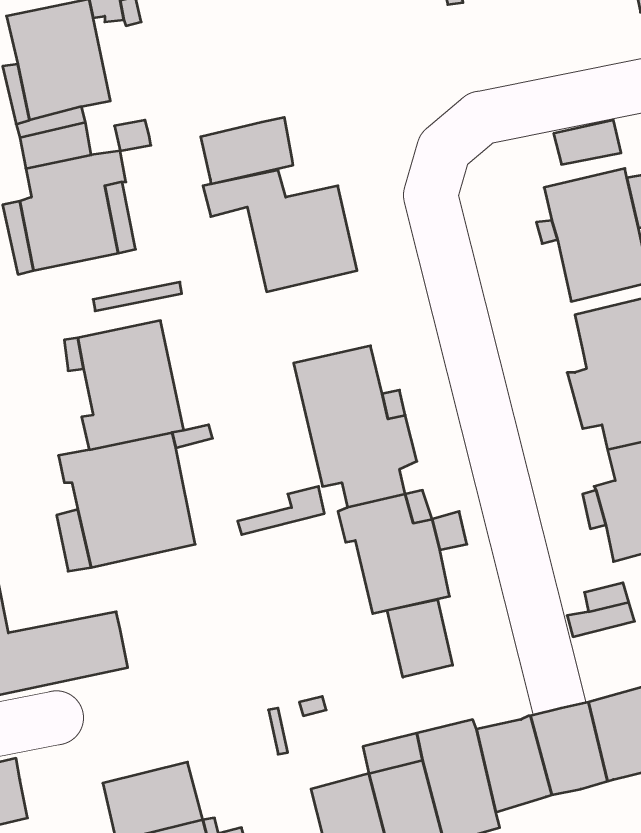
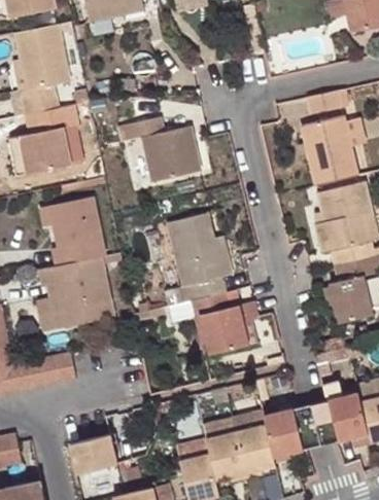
building: [201,117,293,184] -> none
building: [387,600,453,677] -> none

